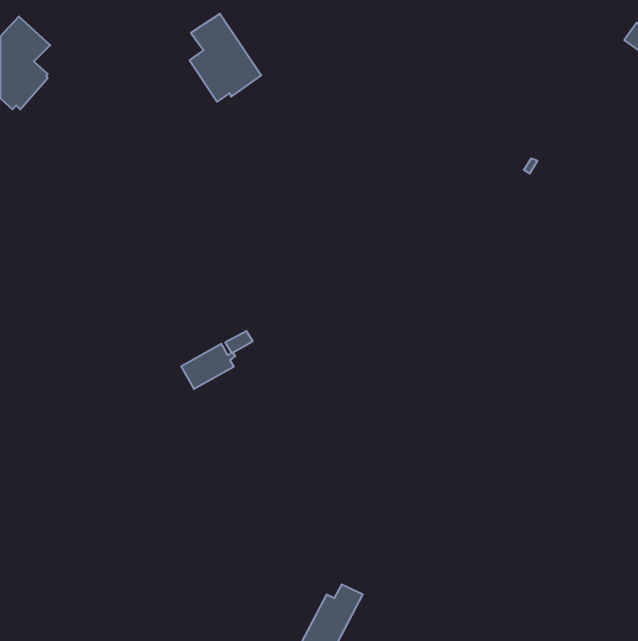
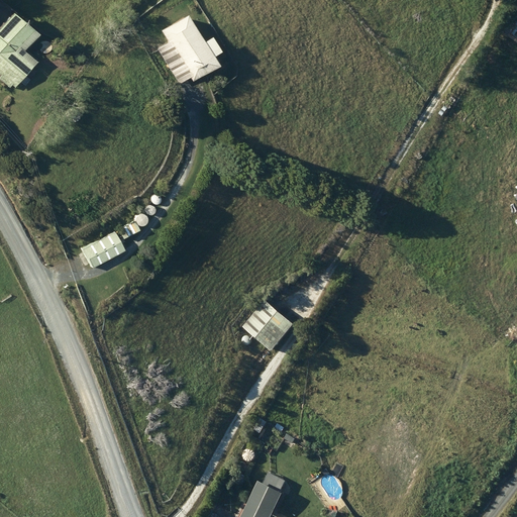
building: [181,331,253,389] -> [80,220,137,267]
building: none -> [244,301,294,350]

